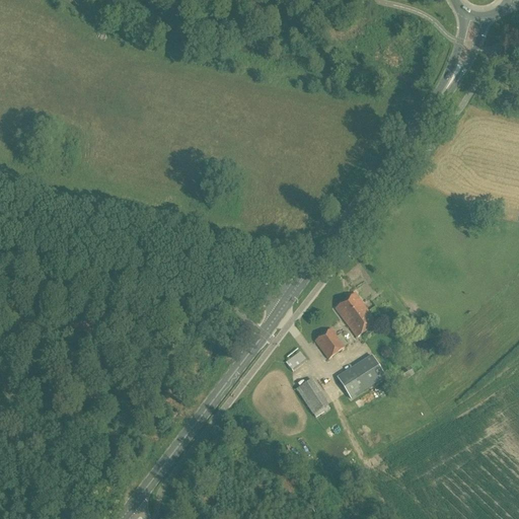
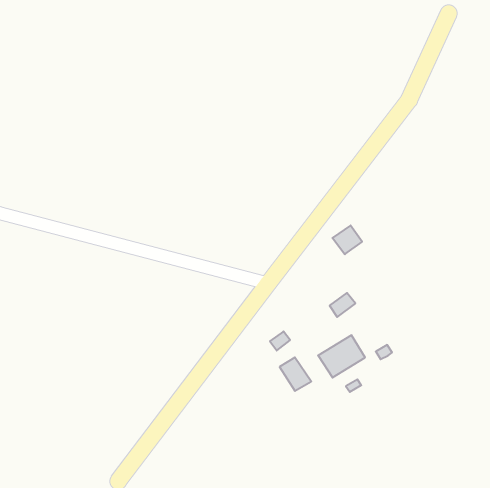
building: [335,292,366,322] -> [332,225,362,254]
building: [313,326,347,357] -> none

